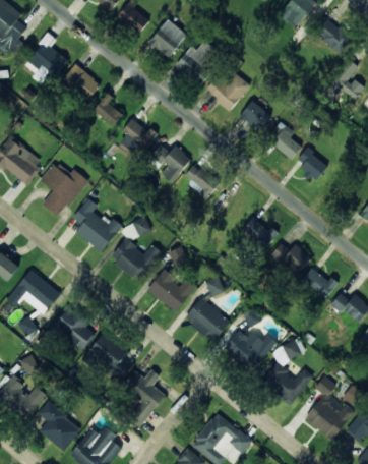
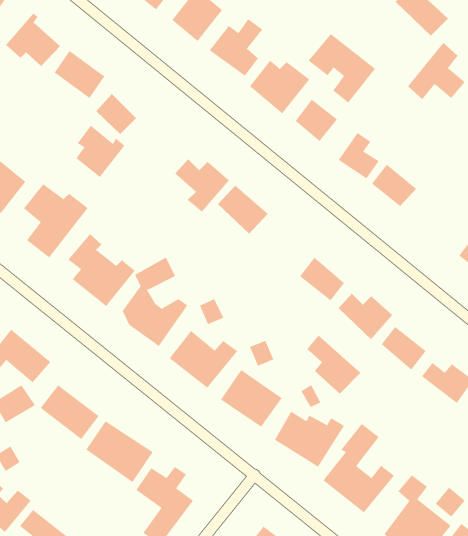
building: none -> [308,33,376,103]
building: [120,118,157,157] -> [75,125,125,178]
building: none -> [306,335,361,395]

